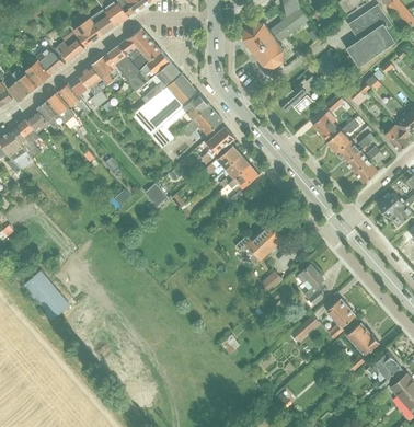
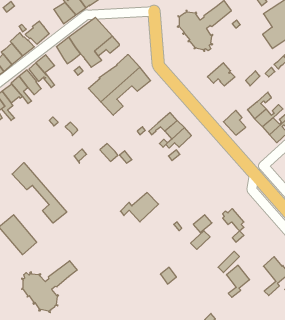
building: [72,18,101,46] -> none
building: [141,61,180,102] -> none
building: [79,64,106,106] -> none
building: [181,105,222,136] -> none
building: [312,111,340,141] -> [223,110,246,135]
building: [202,126,234,163] -> none
building: none -> [12,163,67,223]
building: [235,223,283,259] -> [120,193,159,222]
building: [326,298,355,337] -> [226,265,250,297]
building: none -> [22,261,77,313]

